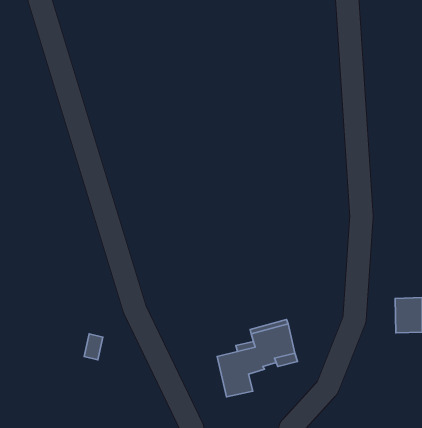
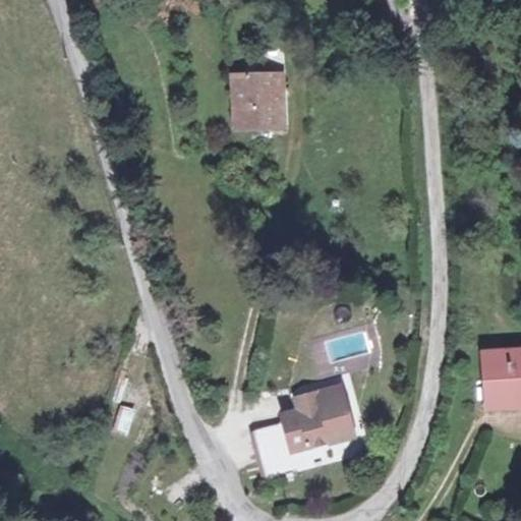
building: none -> [234,69,283,117]

